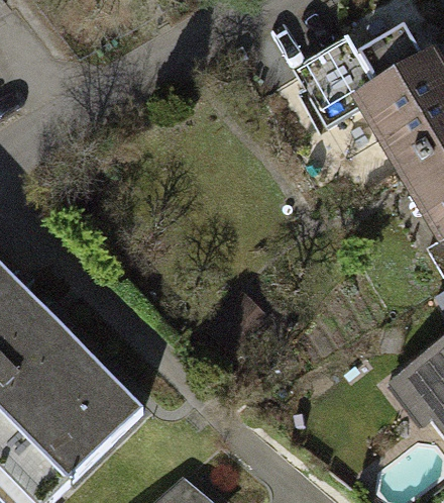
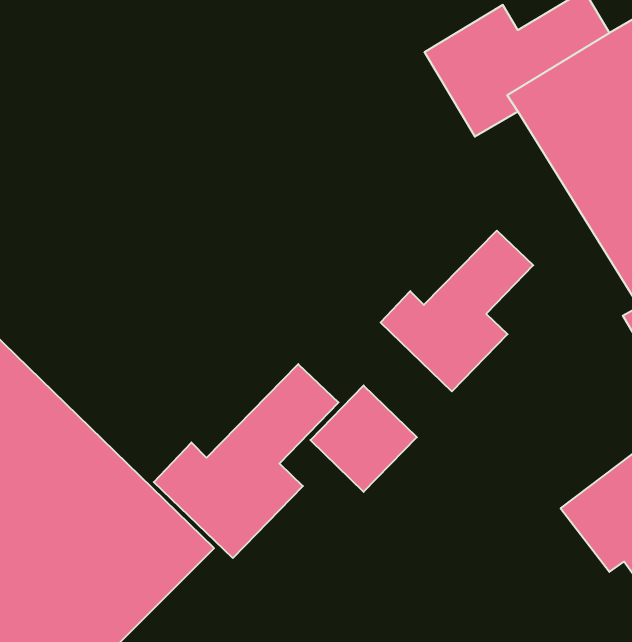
building: none -> [381,231,533,391]
building: none -> [154,364,339,558]

